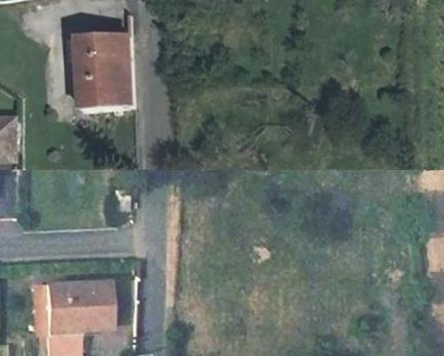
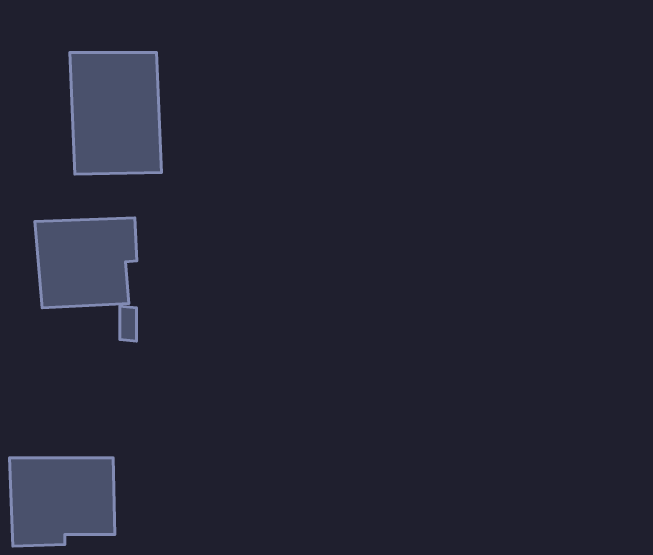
building: none -> [35,218,137,308]

